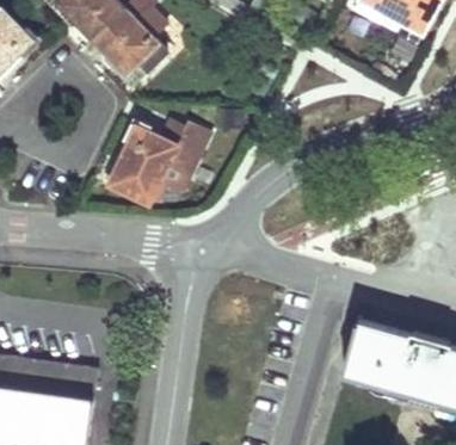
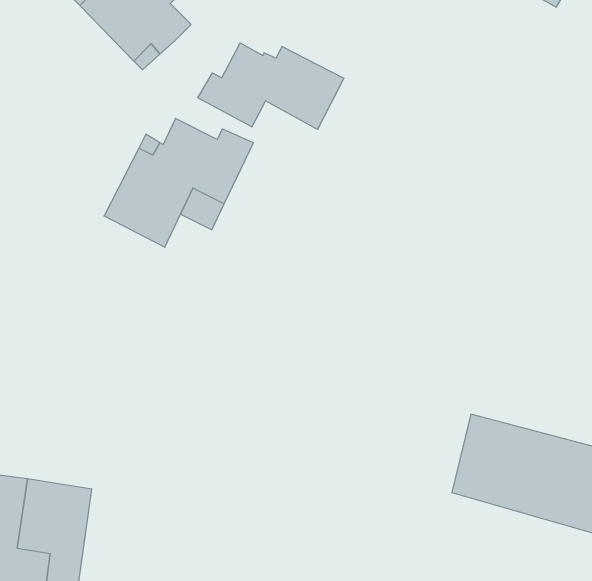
building: none -> [198,43,344,129]

